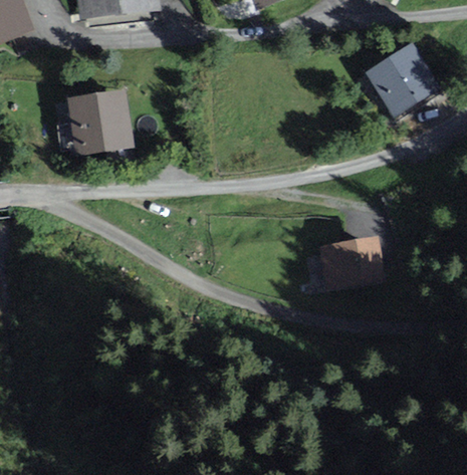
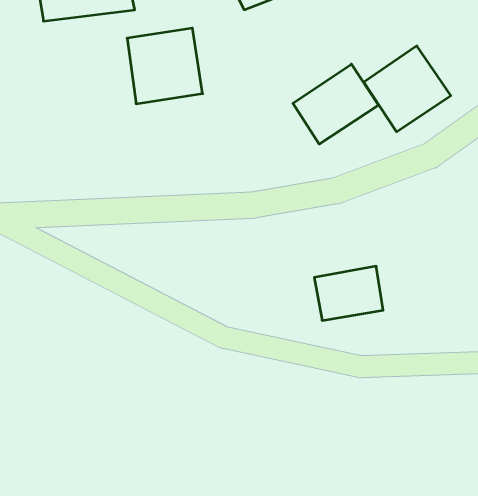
building: none -> [293,64,379,144]
building: [64,87,132,155] -> [127,28,203,104]

